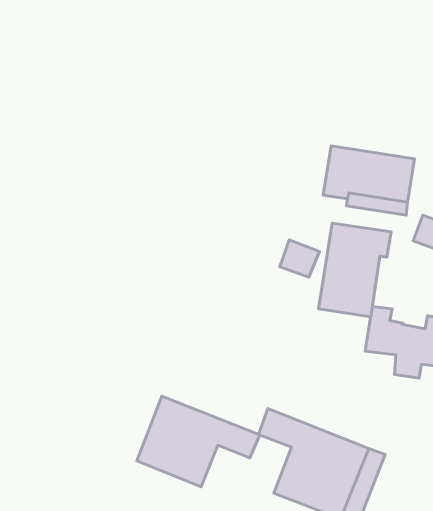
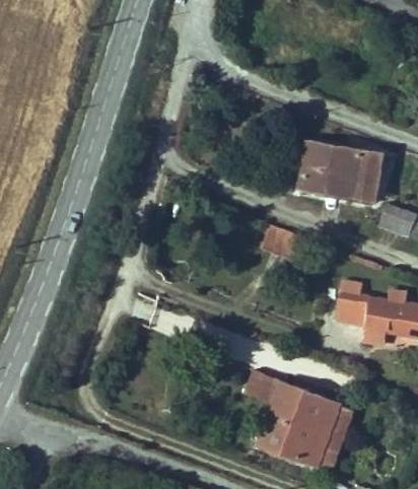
building: [319,223,391,317] -> none
building: [137,396,260,487] -> none

